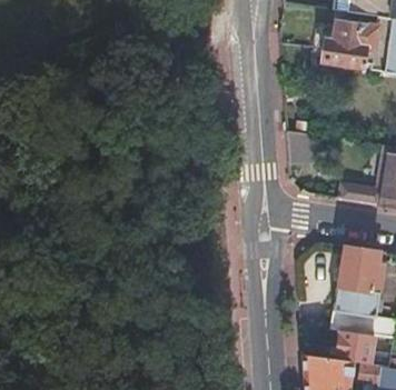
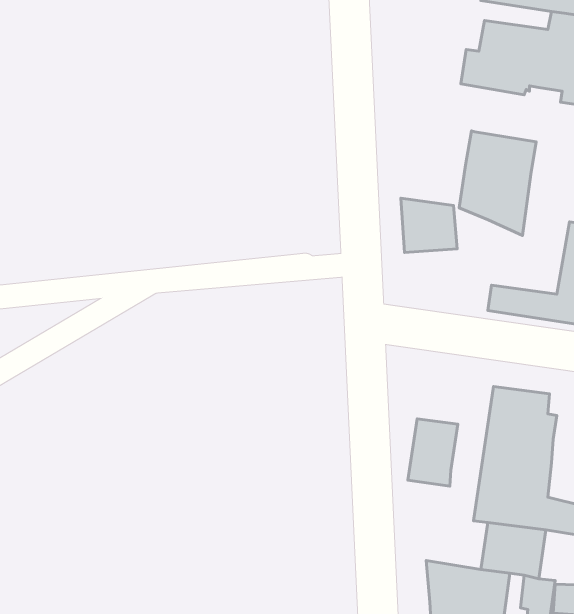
building: none -> [459,131,536,235]
building: none -> [408,419,458,486]

